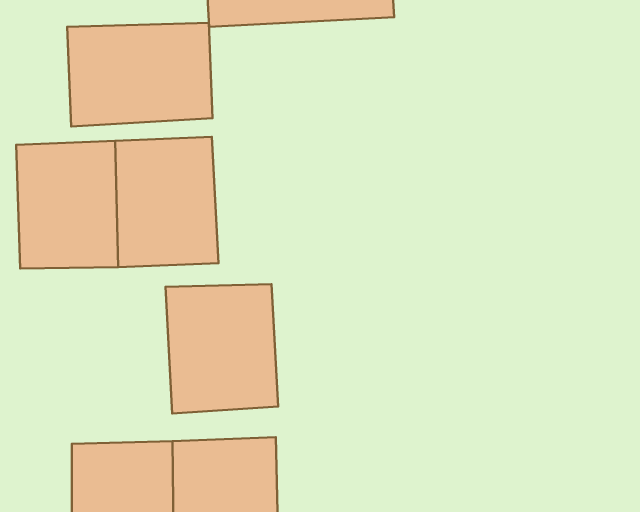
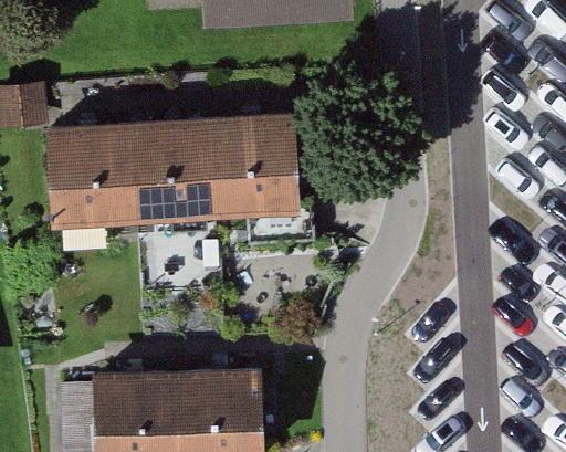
building: [67,23,213,126] -> none
building: [165,284,278,413] -> [207,117,298,222]

